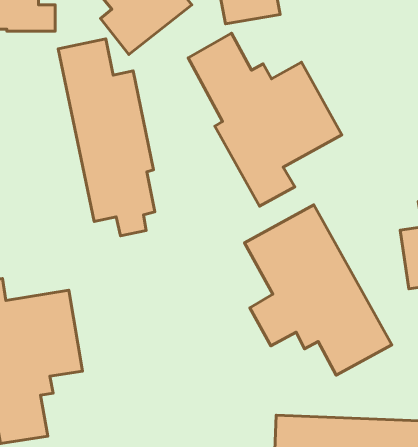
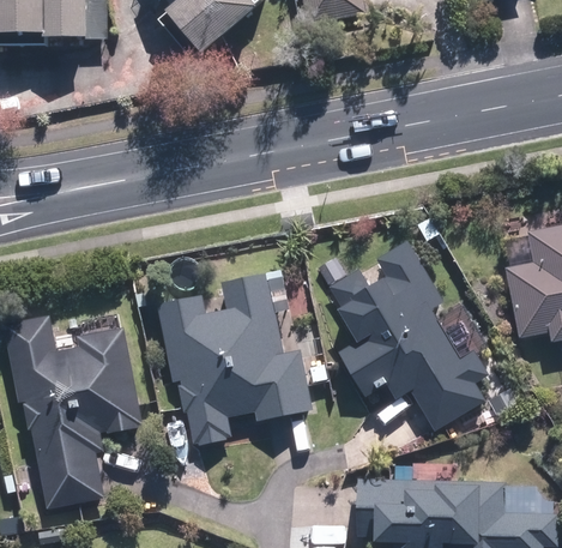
building: [188,33,342,206] -> none
building: [58,39,155,236] -> none
building: none -> [162,273,314,445]

